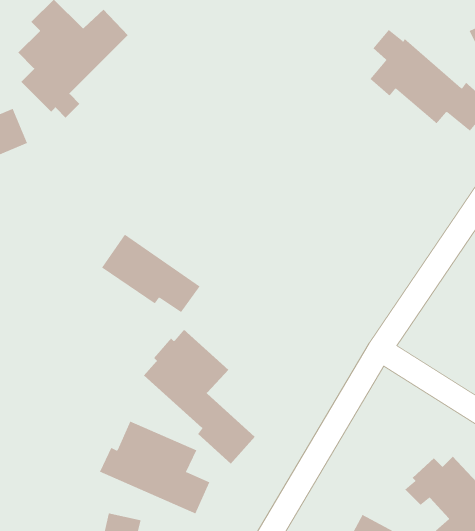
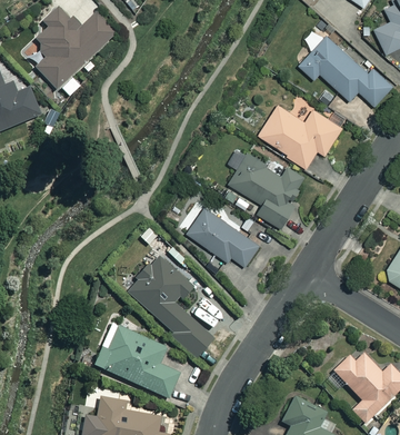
building: none -> [259,105,342,169]
building: none -> [228,150,307,228]
building: [101,234,200,313] -> [187,207,262,267]

